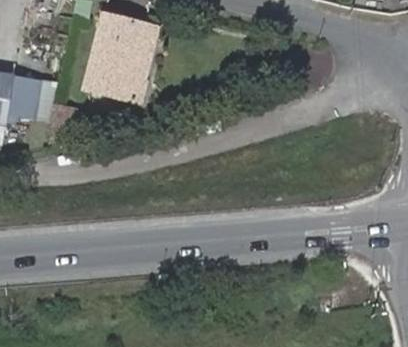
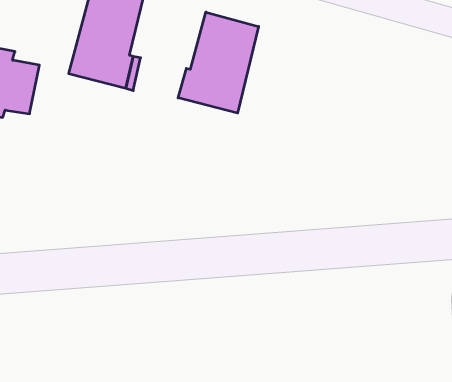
building: none -> [178,12,259,113]

